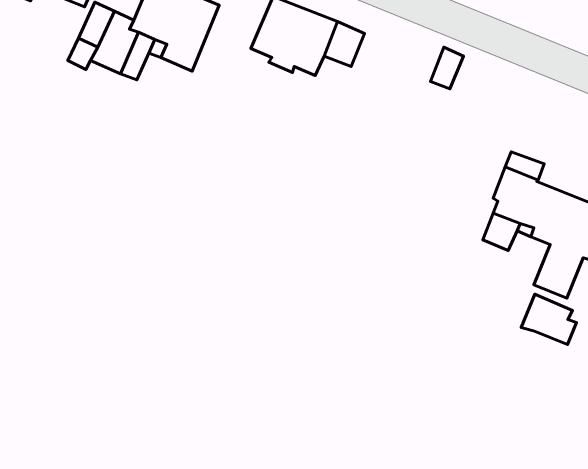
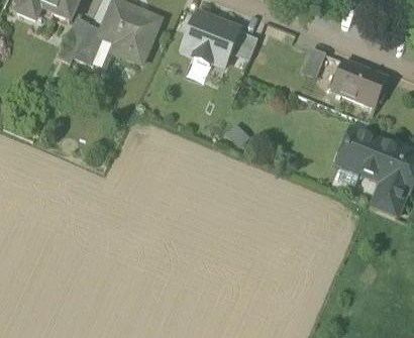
building: none -> [331,59,387,106]
building: [521,294,576,345] -> none

